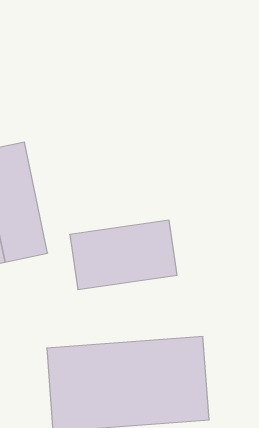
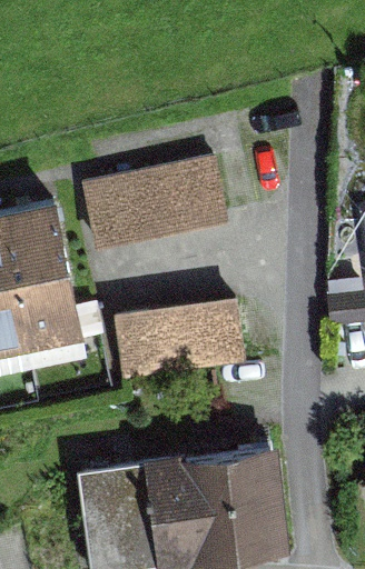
building: none -> [79,160,226,253]

